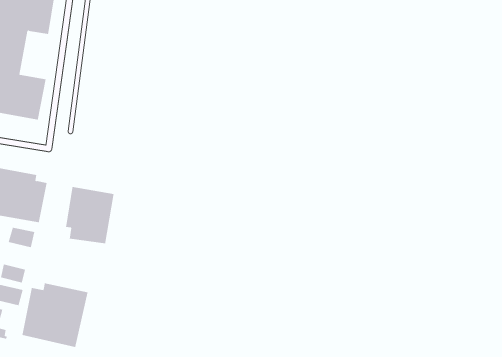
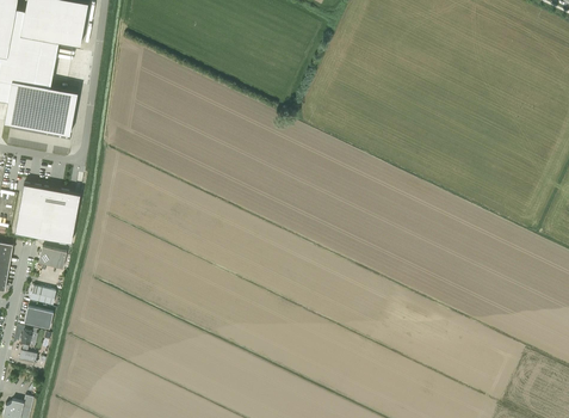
building: [66,186,114,244] -> none
building: [22,283,88,348] -> none

